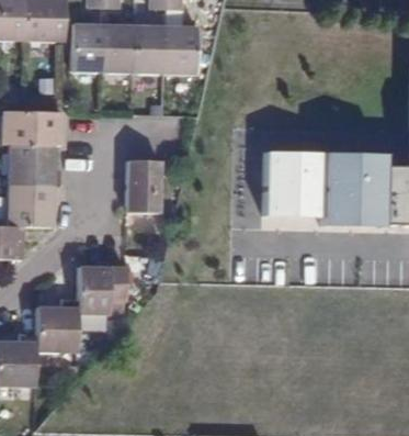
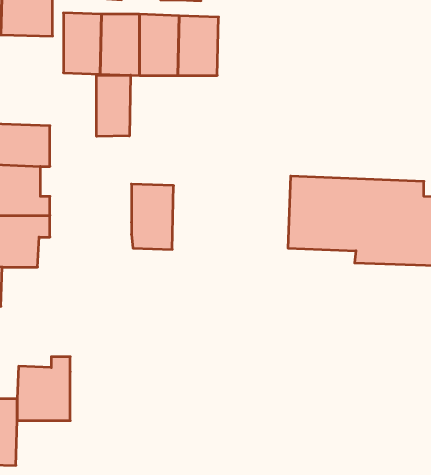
building: none -> [97,75,131,136]
building: [79,267,126,313] -> none

